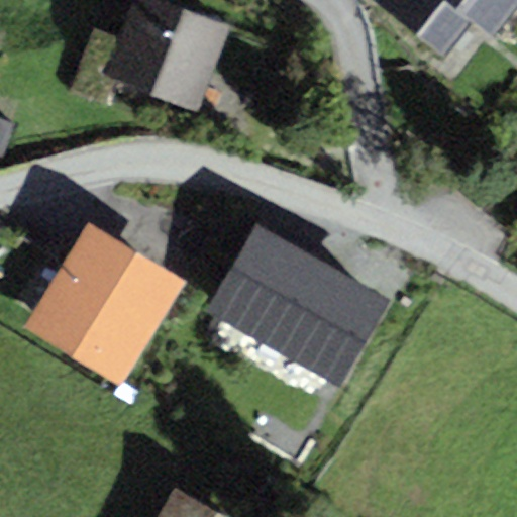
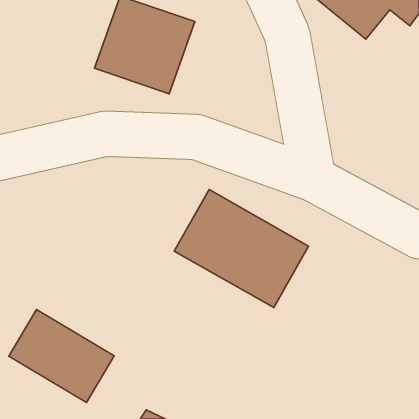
building: [28,232,169,376] -> none
building: none -> [9,309,114,403]

